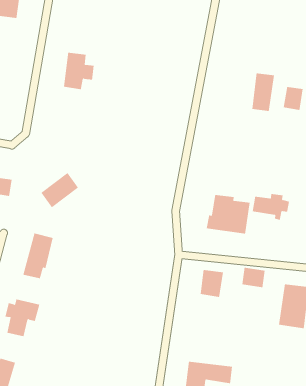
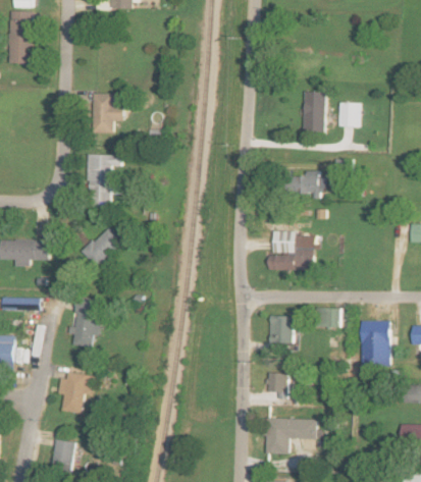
building: none -> [87,154,121,205]
building: [252,194,290,221] -> [286,170,327,199]
building: none -> [268,372,287,391]

